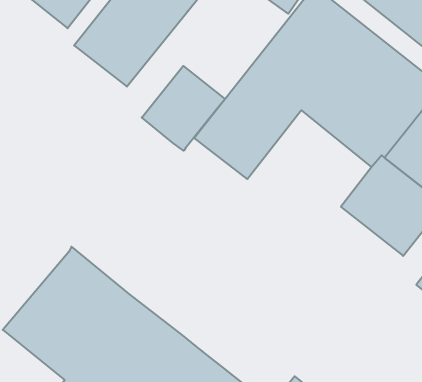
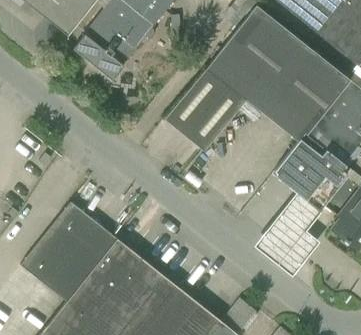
building: [142,66,225,151] -> none
building: none -> [254,189,323,275]

